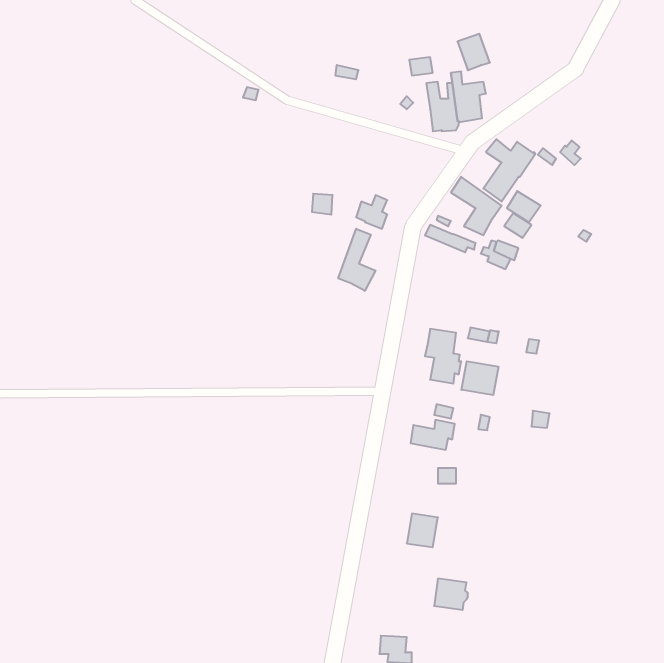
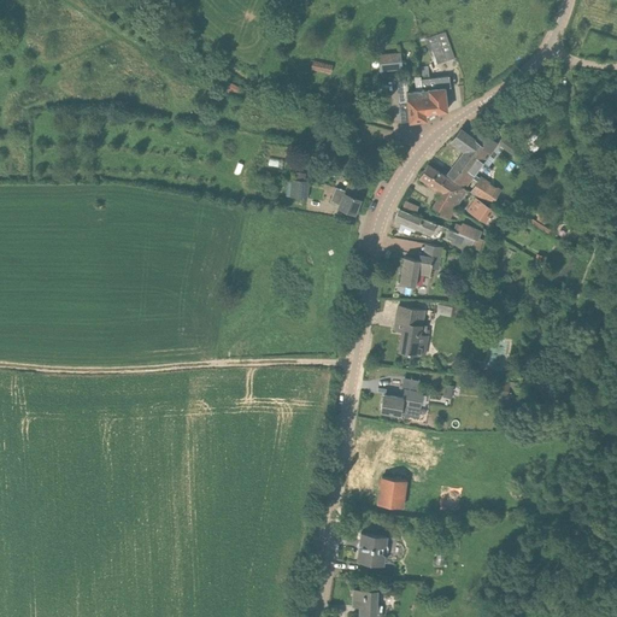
building: [338,229,376,291] -> none
building: none -> [399,255,441,287]
building: [461,361,498,395] -> none
building: [434,579,468,610] -> [357,534,388,563]

